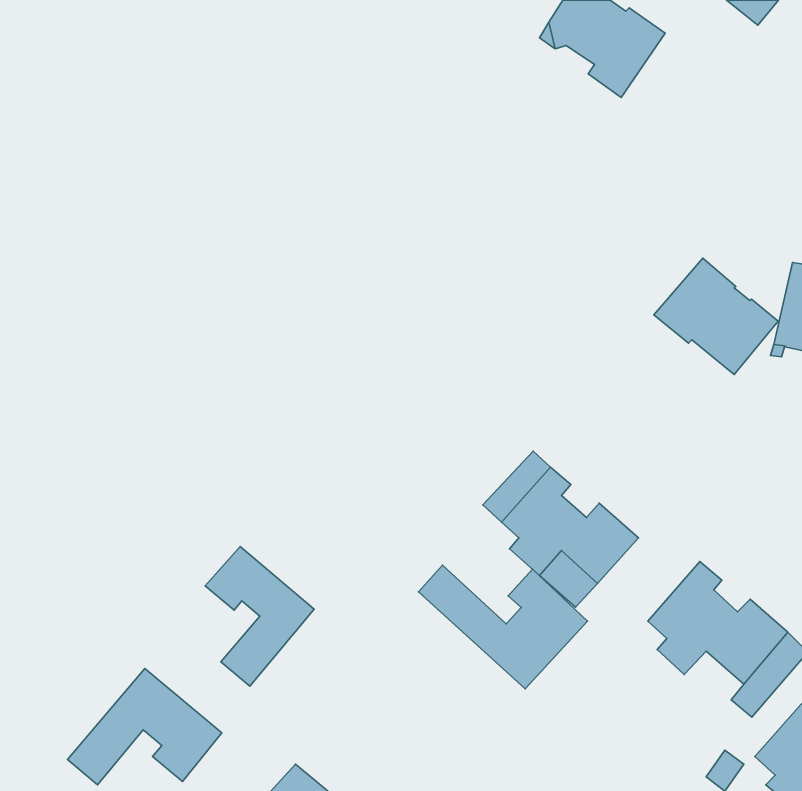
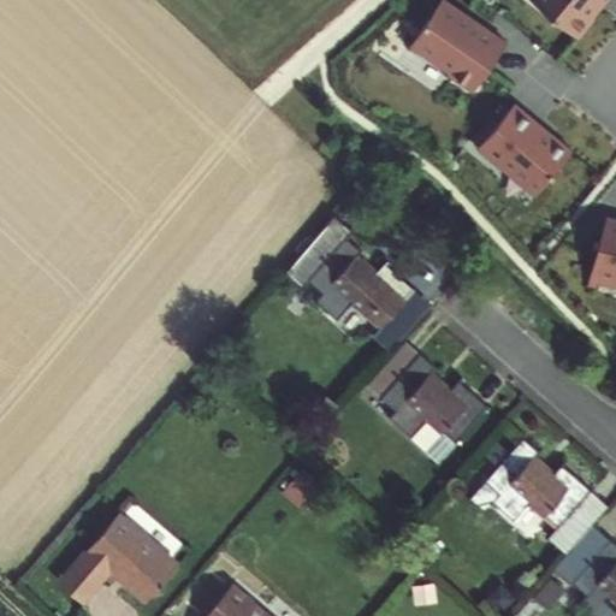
building: [654,258,778,374] -> [476,100,571,189]
building: none -> [286,220,416,337]
building: [205,546,314,686] -> none
building: [418,565,588,689] -> none

